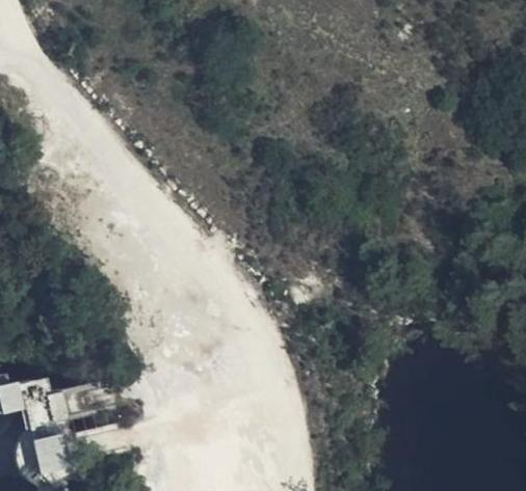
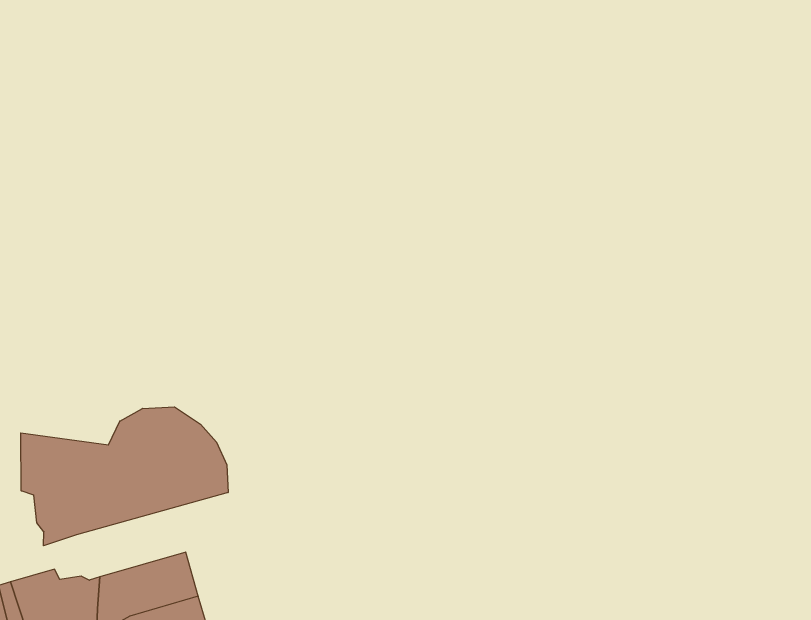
building: none -> [21,407,228,546]

